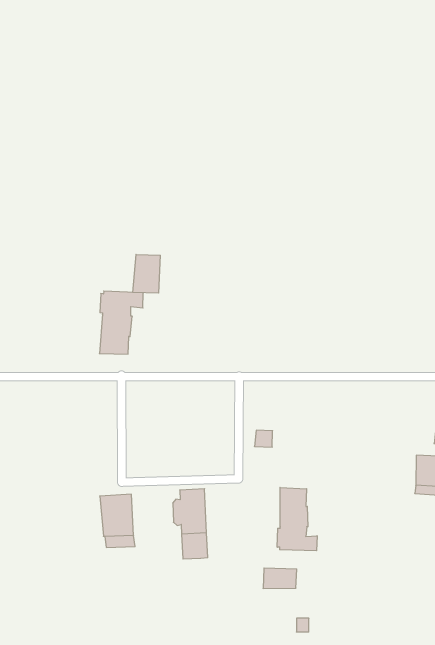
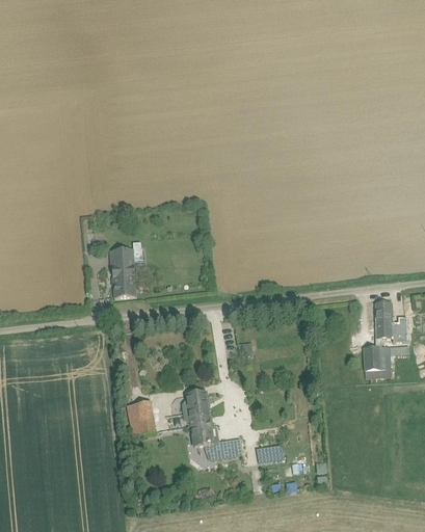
building: [133,254,160,293] -> none
building: [277,487,317,551] -> none
building: none -> [208,440,241,459]

